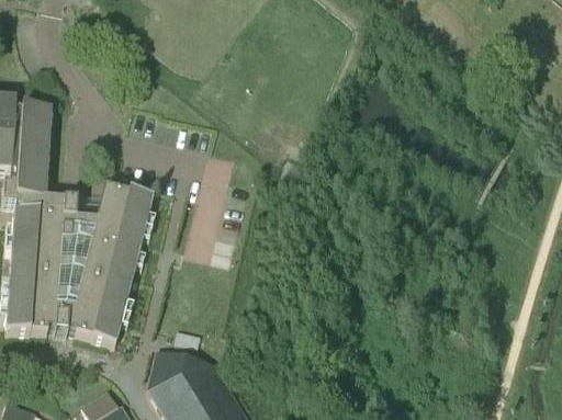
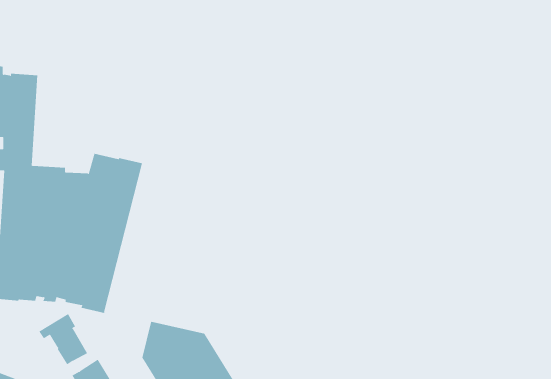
building: none -> [39,313,88,365]

